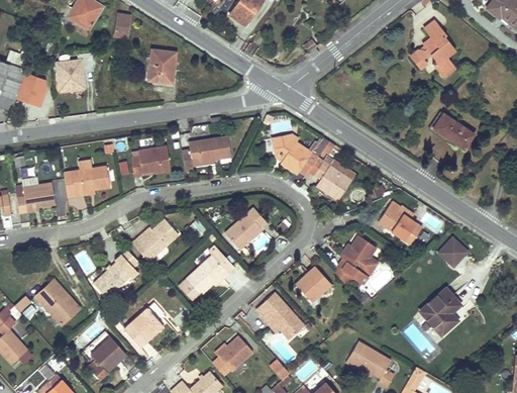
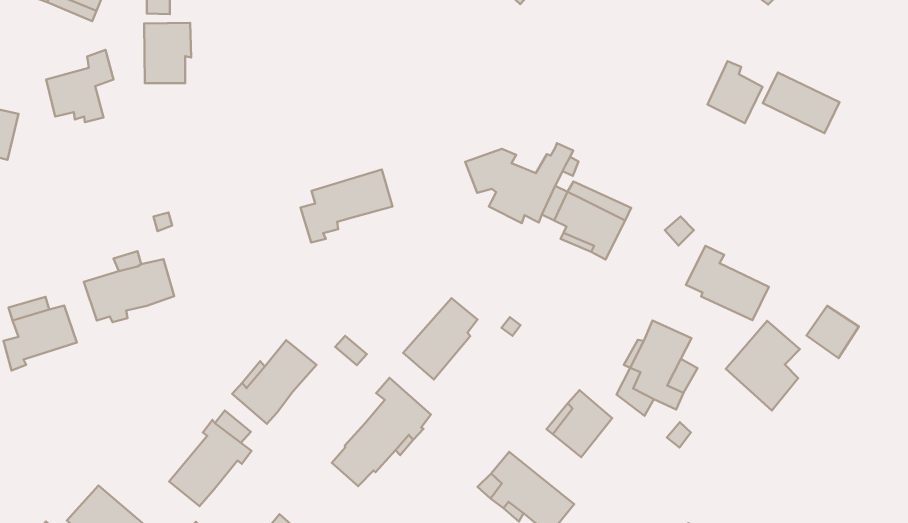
building: [146,50,175,84] -> [144,23,191,83]
building: none -> [708,61,762,123]
building: [129,145,169,176] -> none
building: [419,289,459,336] -> [726,321,800,411]

